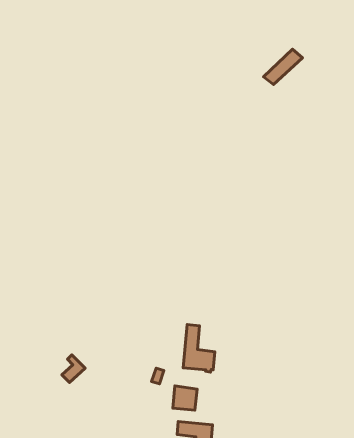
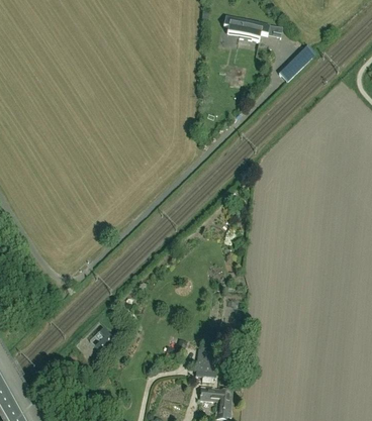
building: none -> [221,15,270,40]
building: [183,325,215,372] -> none

